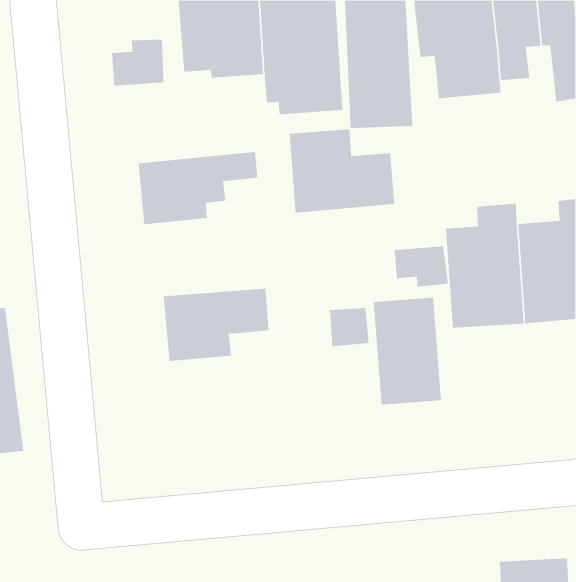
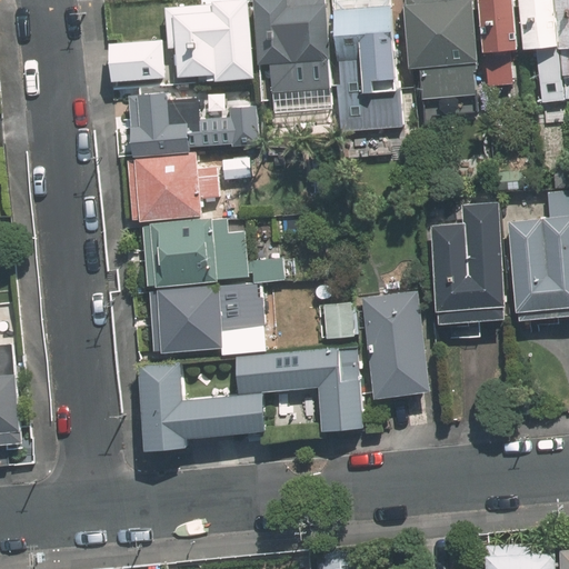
building: none -> [124,90,259,158]
building: [289,129,395,213] -> none
building: none -> [144,217,288,288]
building: [394,246,448,287] -> none
building: none -> [134,347,362,455]

